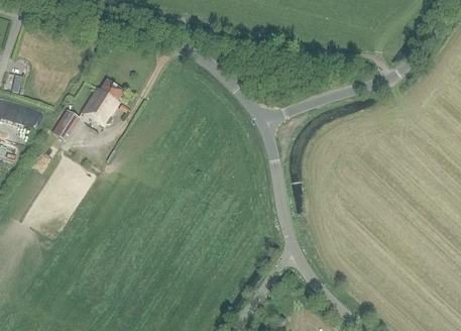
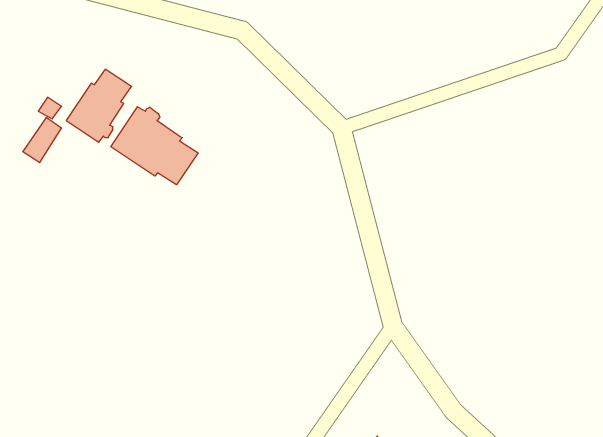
building: none -> [111,107,198,185]

